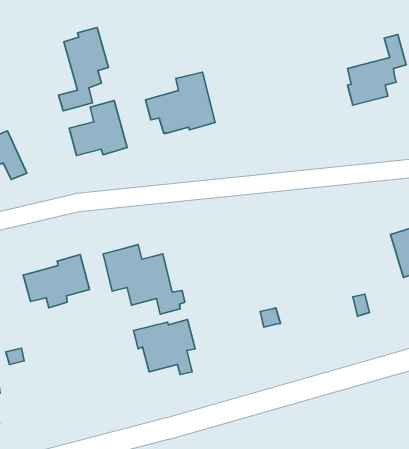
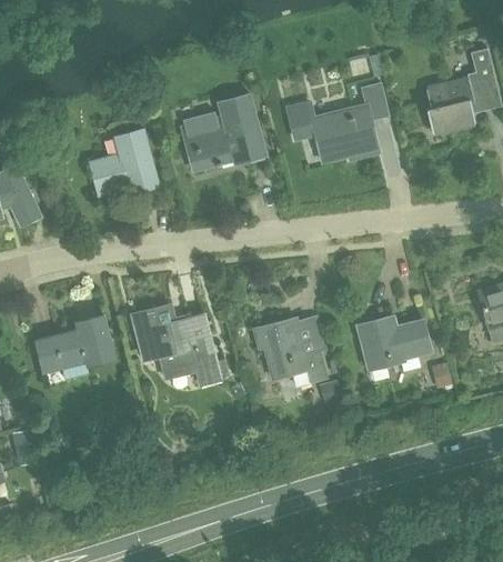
building: [59,27,109,111] -> none
building: none -> [284,83,388,163]
building: none -> [356,315,429,380]
building: [133,319,195,374] -> [252,314,326,381]

